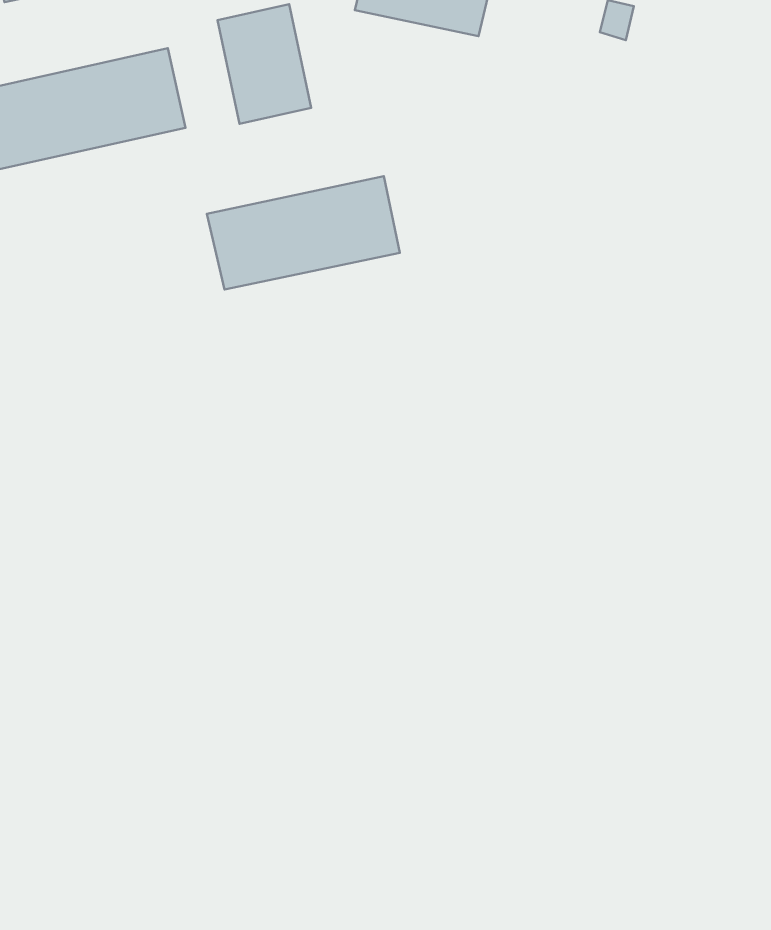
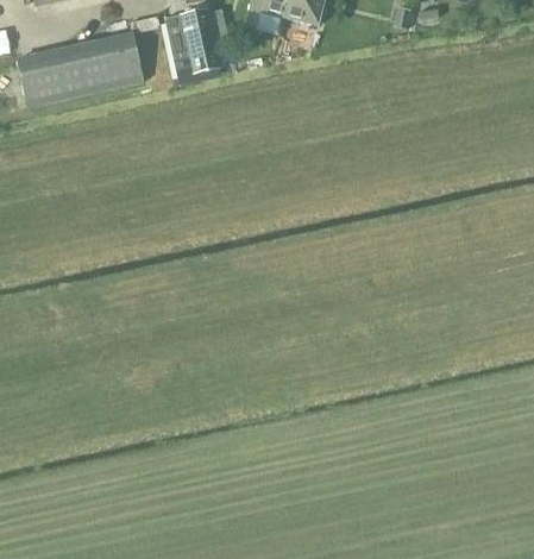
building: [207,176,400,290] -> none

